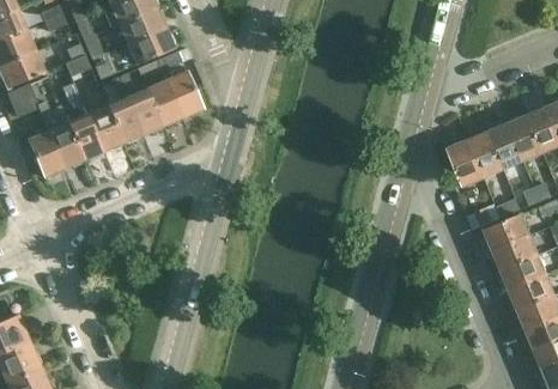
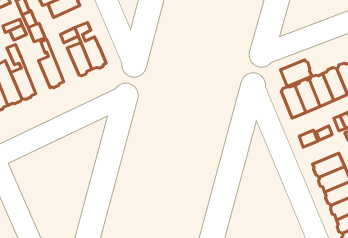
building: [127,28,172,65] -> none
building: [117,72,163,135] -> none
building: [81,99,122,152] -> none
building: none -> [280,60,312,86]
building: [484,214,529,251] -> none

